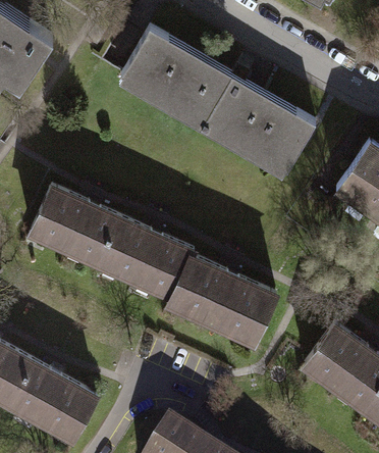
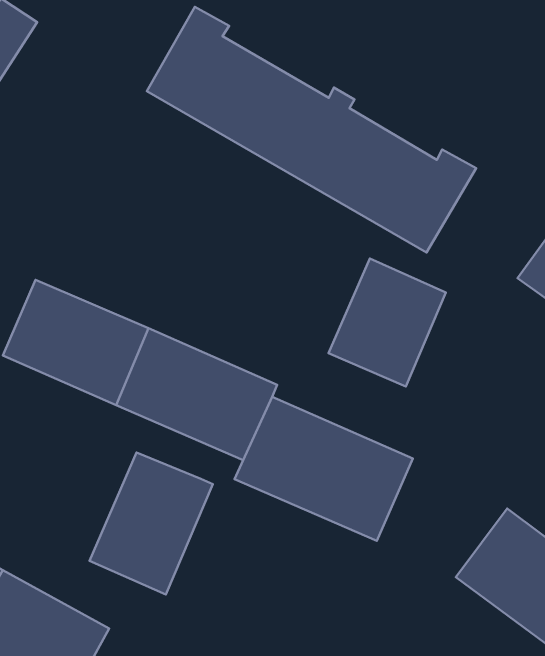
building: none -> [329,259,446,387]
building: none -> [90,452,213,595]

